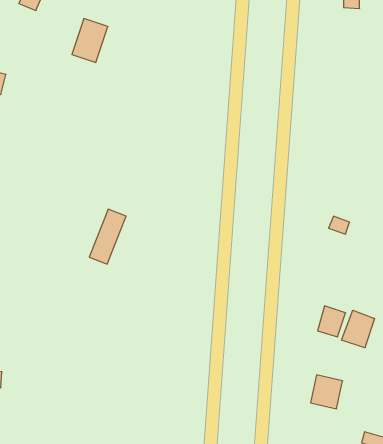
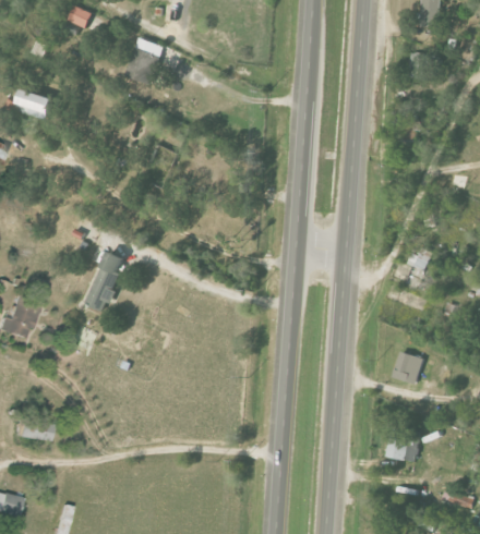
building: [89,209,126,264] -> [85,252,125,312]
building: [342,310,375,348] -> none

